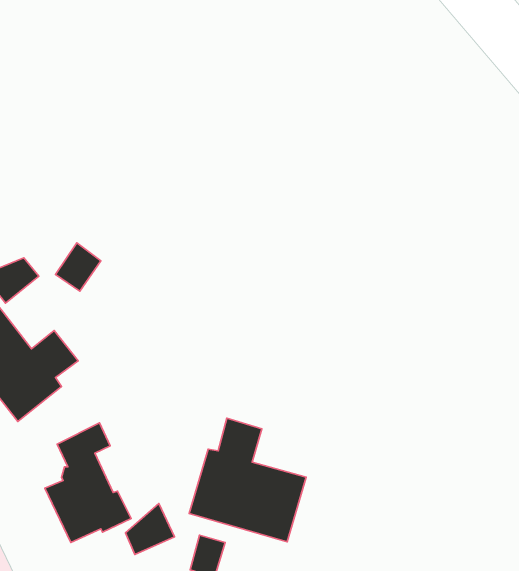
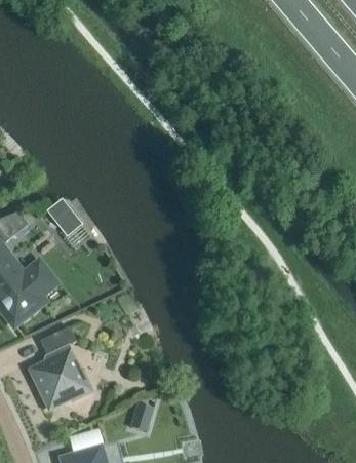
building: [189,418,306,542] -> none
building: [125,504,174,554] -> none

